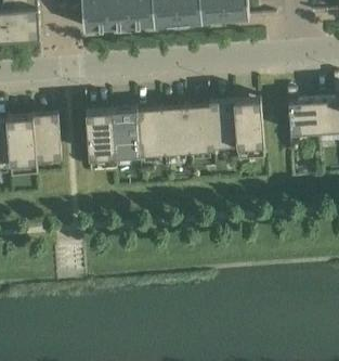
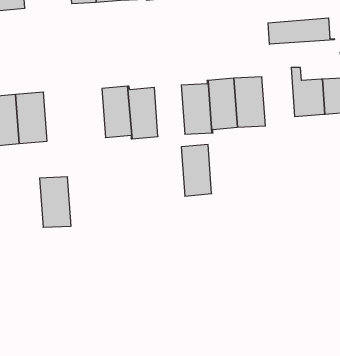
building: none -> [268,18,334,44]
building: [160,107,188,155] -> [181,145,212,196]
building: [86,111,115,157] -> [40,177,71,227]

